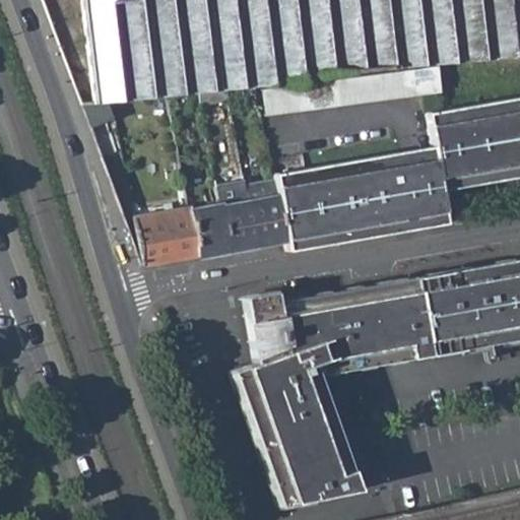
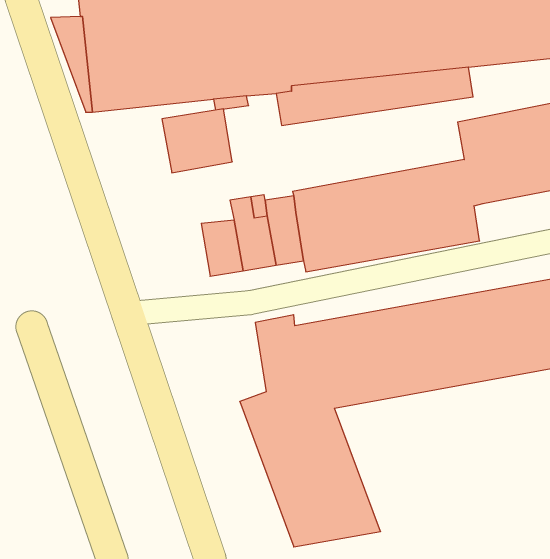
building: [140,206,205,265] -> [162,109,232,173]

